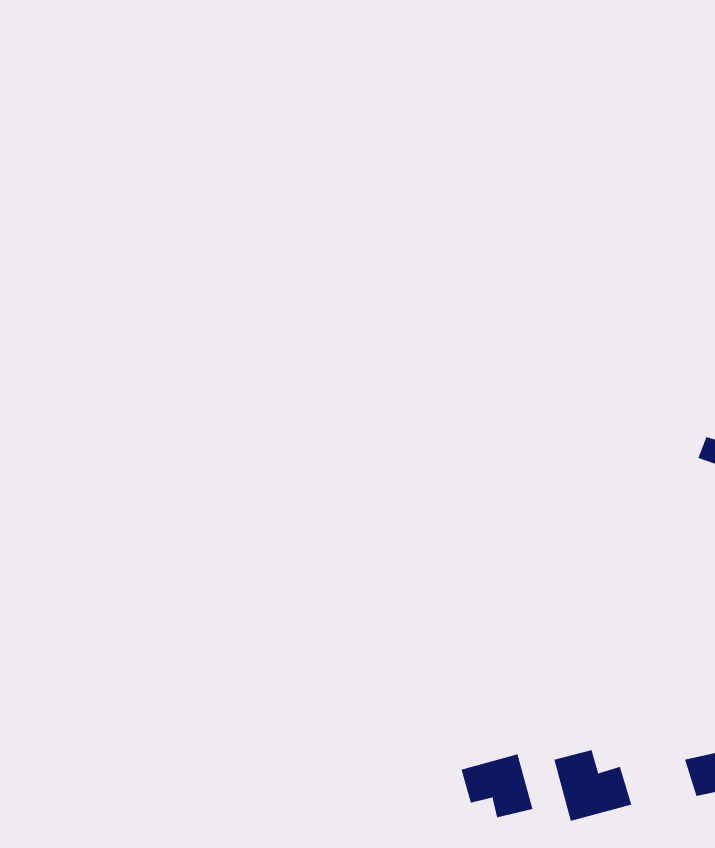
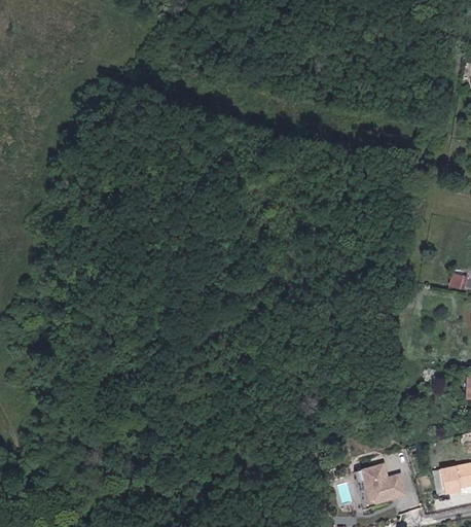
building: [461,754,533,818] -> none

